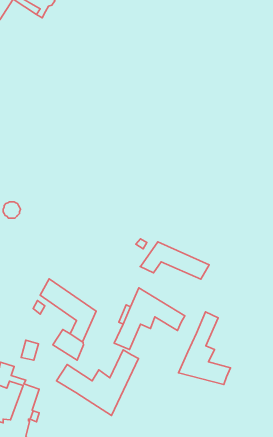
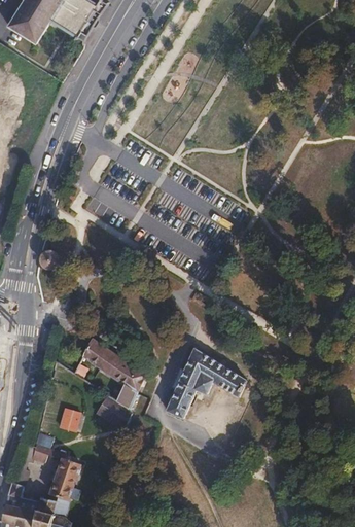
building: [140,242,209,279] -> none
building: [178,312,231,384] -> none
building: [56,350,138,416] -> none

